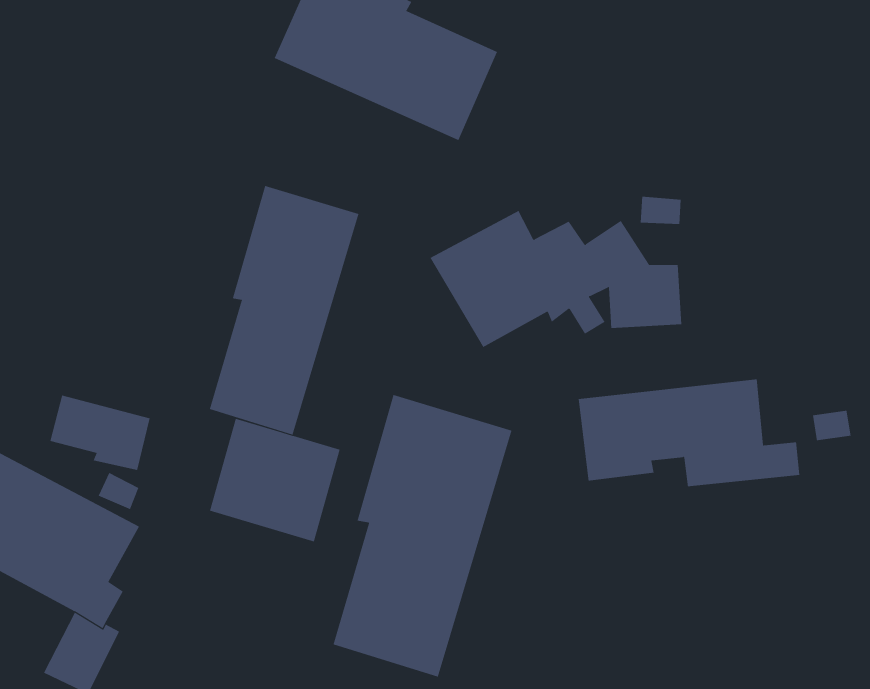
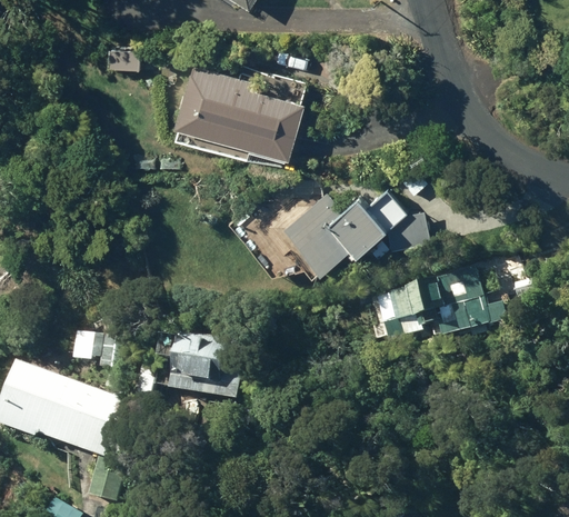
building: [209,185,359,435] -> none
building: [333,394,512,677] -> none

